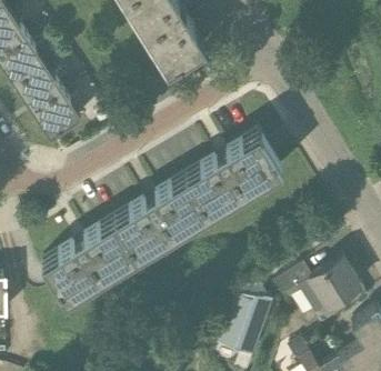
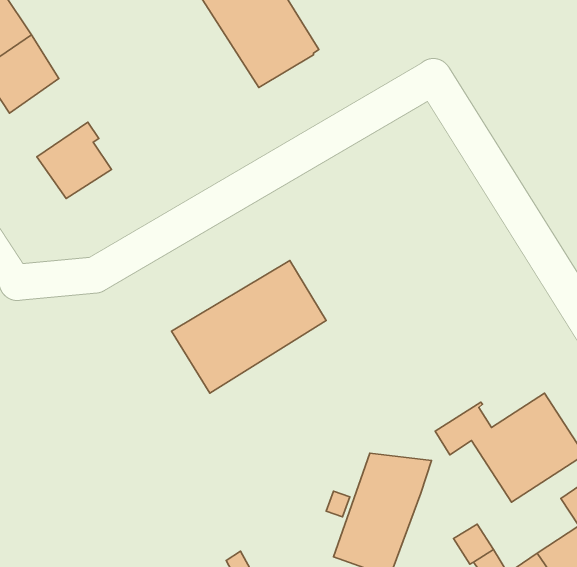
building: [17,67,64,114] -> none
building: [188,134,282,214] -> none
building: [44,221,139,302] -> none

